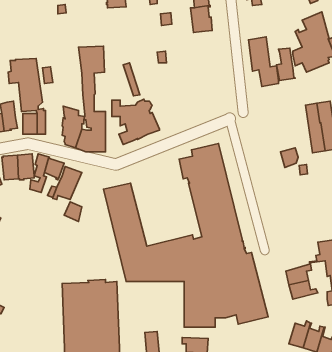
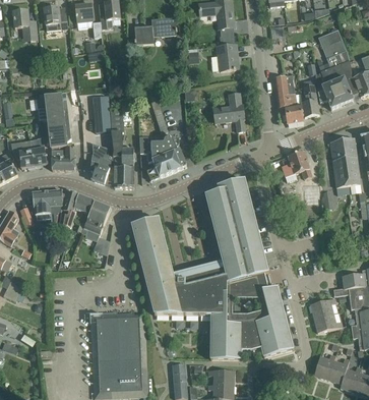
building: none -> [213,92,244,130]
building: none -> [91,96,110,131]
building: none -> [282,150,311,177]

